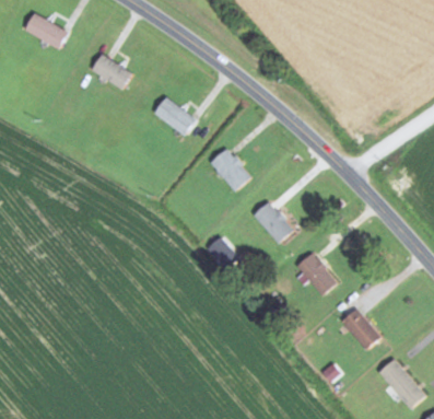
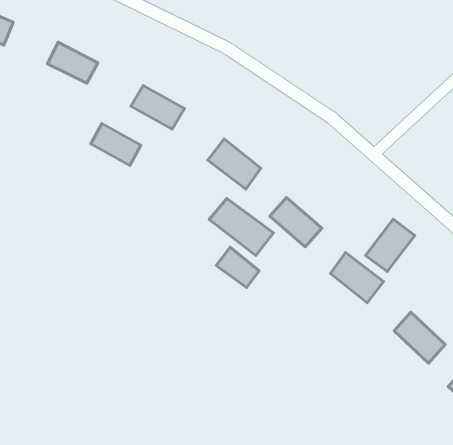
building: none -> [91,123,141,166]
building: none -> [209,198,273,255]
building: none -> [365,219,415,272]

